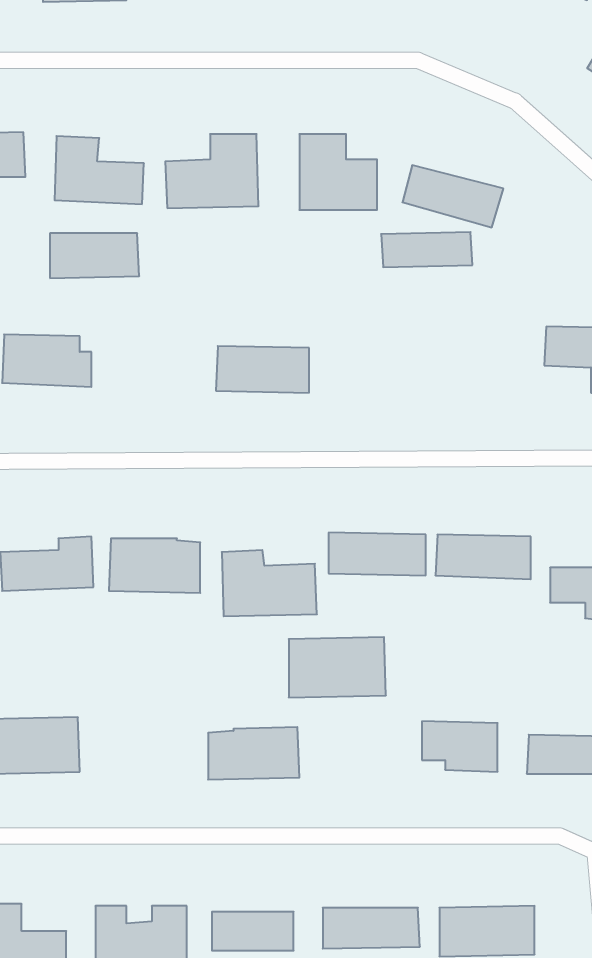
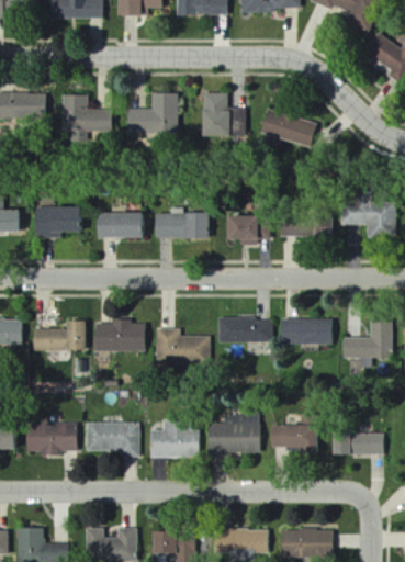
building: [381,232,472,267] -> [278,216,329,236]
building: [50,233,139,278] -> [95,212,146,237]
building: none -> [223,215,255,239]
building: [289,637,386,697] -> [206,417,261,451]
building: none -> [86,422,139,456]

